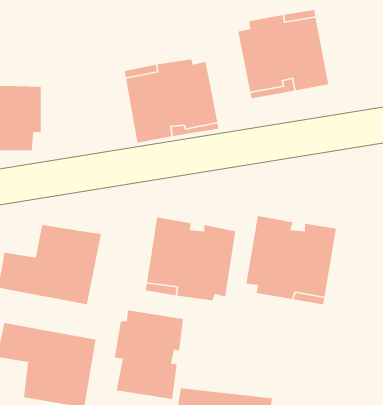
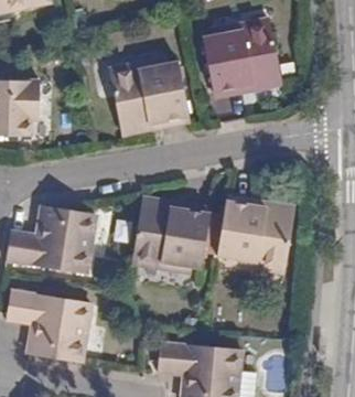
building: [114,310,184,400] -> none

